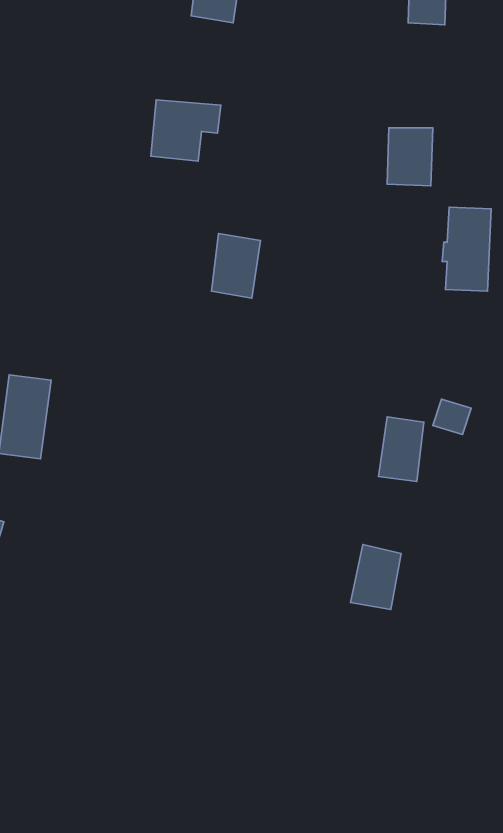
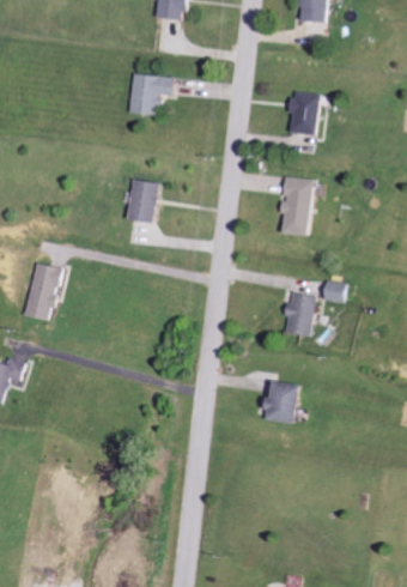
building: [442,207,491,291] -> [281,176,315,234]
building: [212,234,261,298] -> [124,177,158,222]

